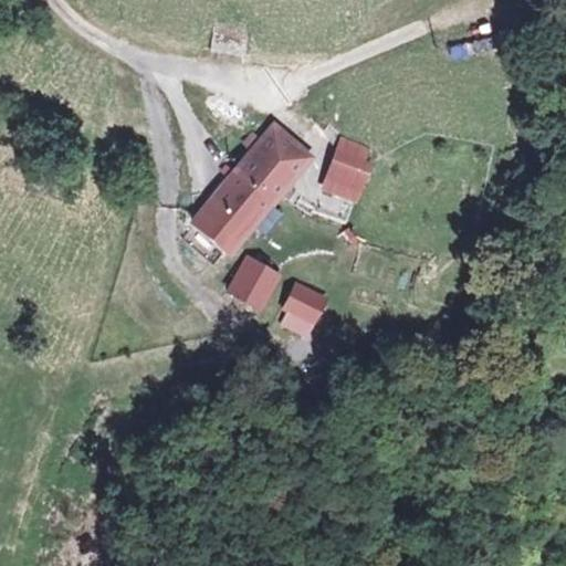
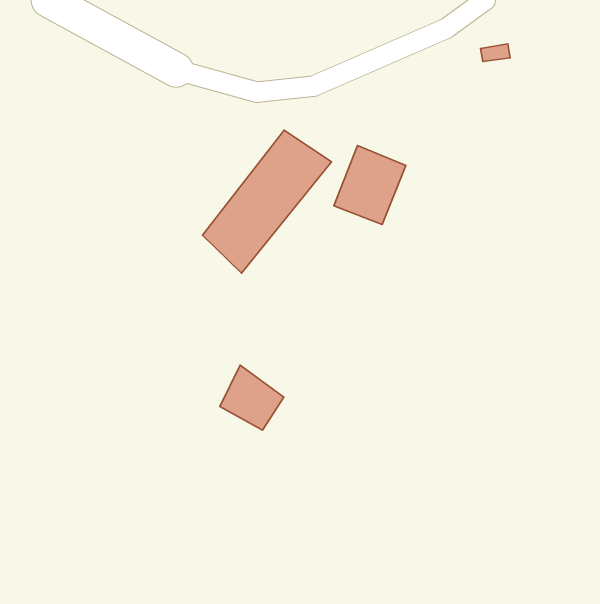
building: [228,256,287,317] -> [220,365,284,430]
building: [281,283,328,335] -> none

